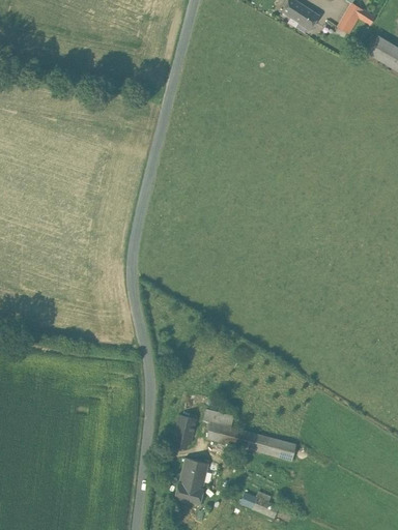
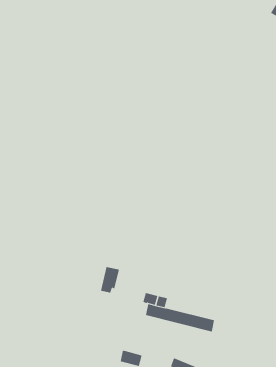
building: [172,414,197,448] -> [100,266,120,293]
building: [180,458,209,489] -> none

